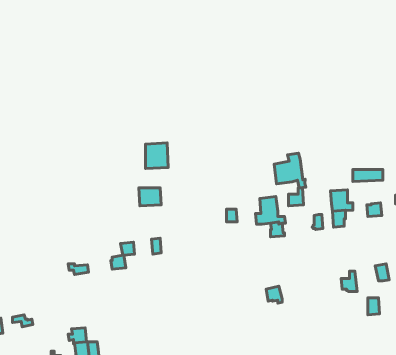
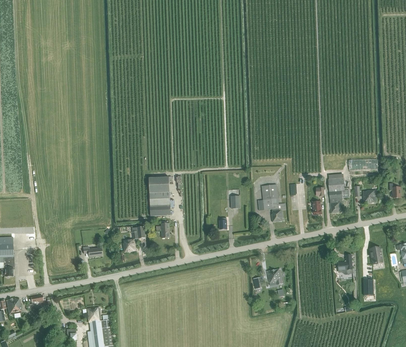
building: [146,143,168,169] -> [149,192,170,216]
building: [274,153,306,188] -> none

